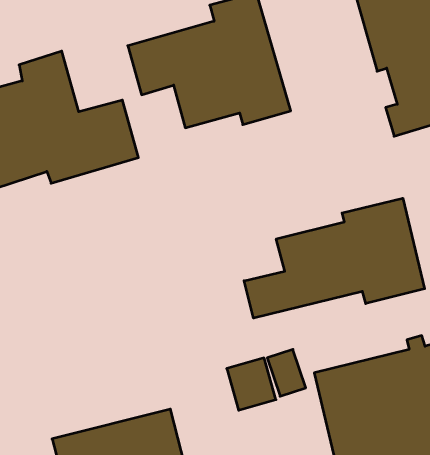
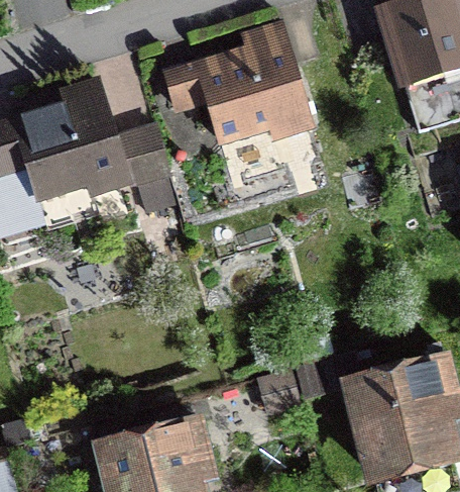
building: [244,198,425,318] -> none

